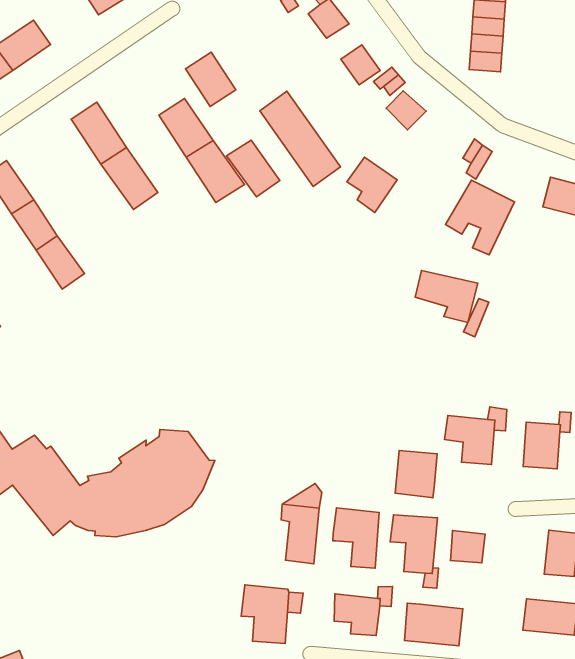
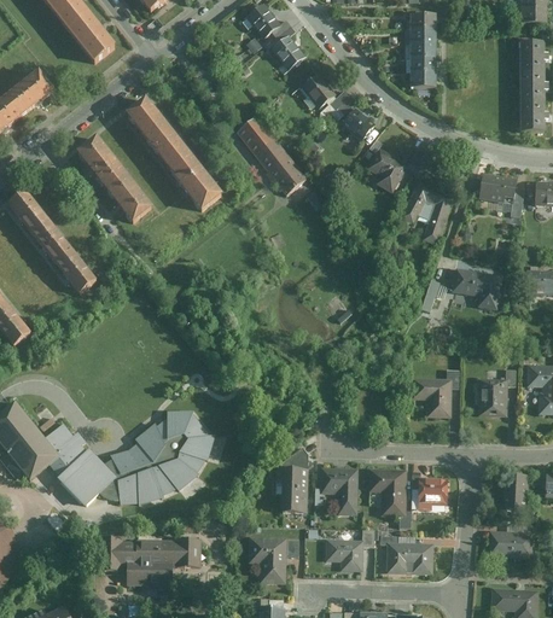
building: [186,52,236,107] -> [127,99,170,145]
building: [226,140,280,197] -> none
building: [347,157,397,213] -> [365,148,407,194]
building: [415,270,478,323] -> [450,269,502,310]
building: [395,451,437,498] -> none
building: none -> [100,535,202,584]

